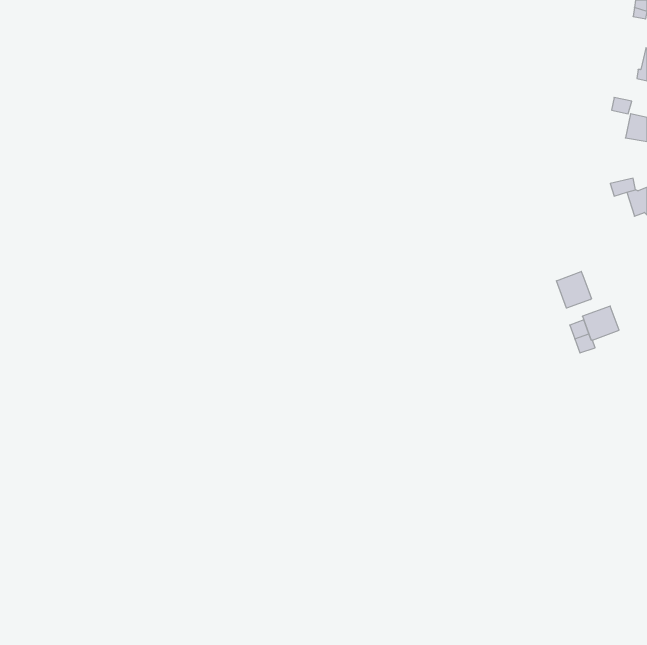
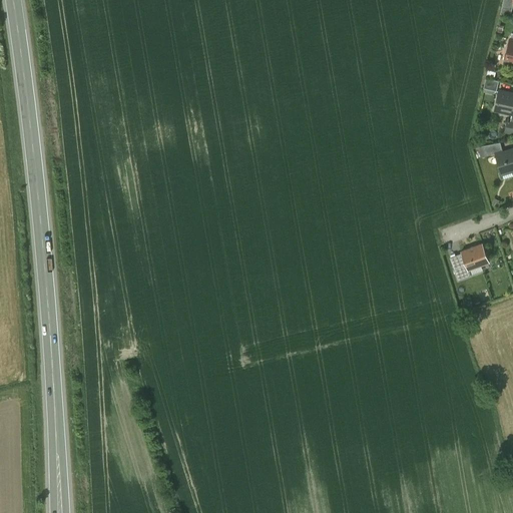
building: [556,271,591,308] -> none

